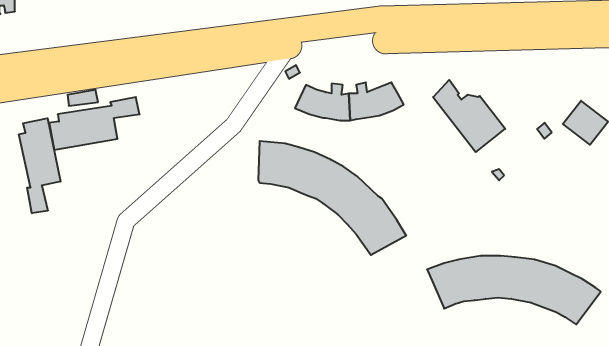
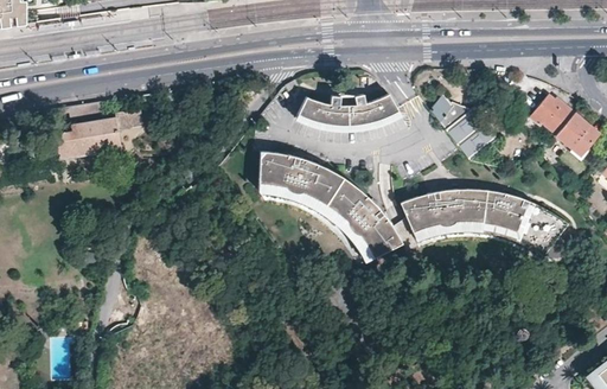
building: none -> [529,97,573,134]
building: [19,118,61,213] -> none
building: [427,256,601,324] -> [401,190,569,256]

